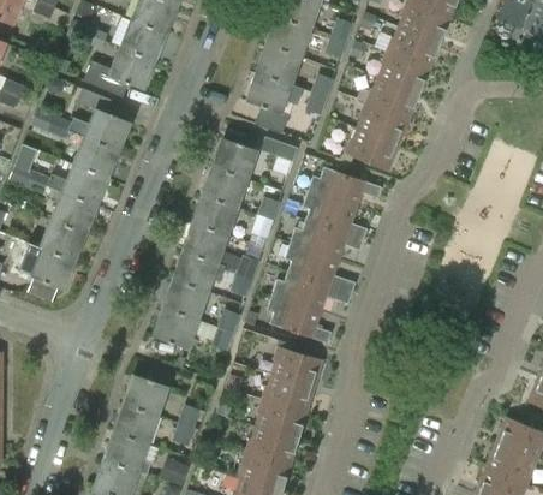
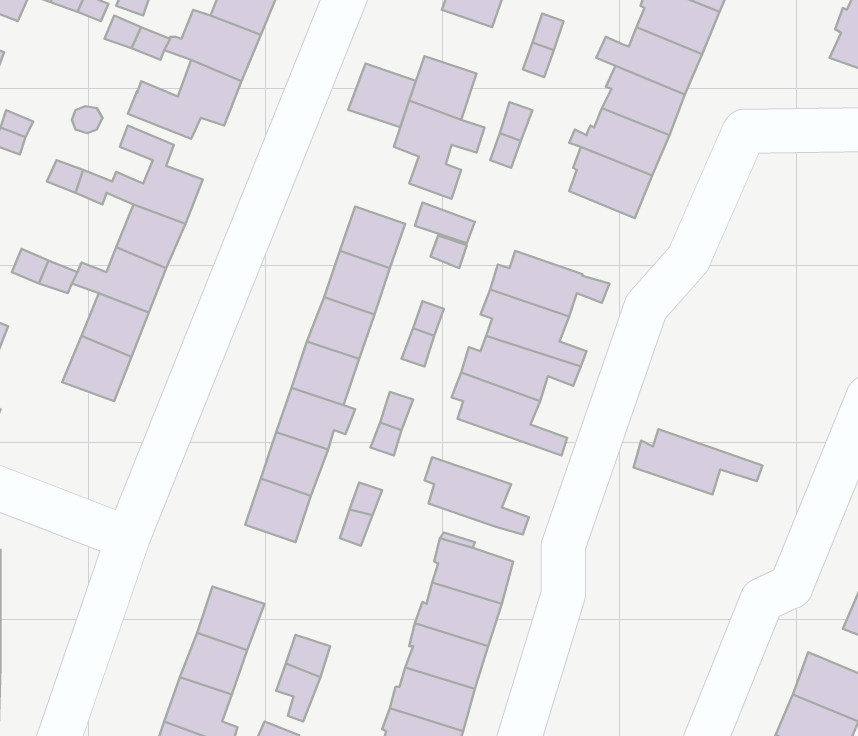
building: [267,17,309,56] -> [348,63,416,127]
building: [344,130,398,172] -> none
building: [18,244,73,302] -> none
building: [272,272,352,312] -> [633,429,763,495]

